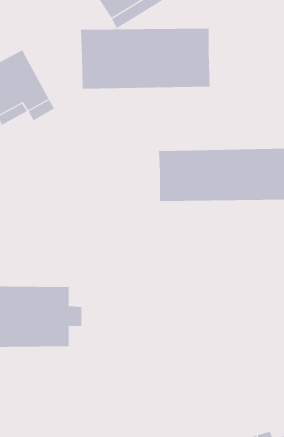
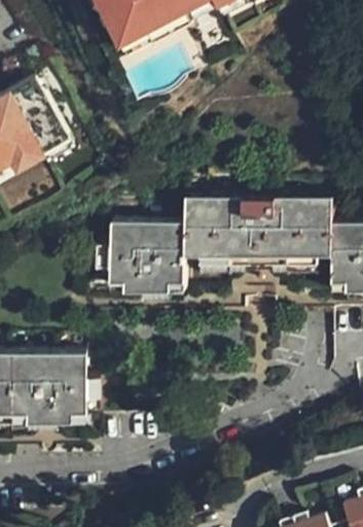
building: [81,28,210,89] -> none
building: none -> [86,222,183,293]

